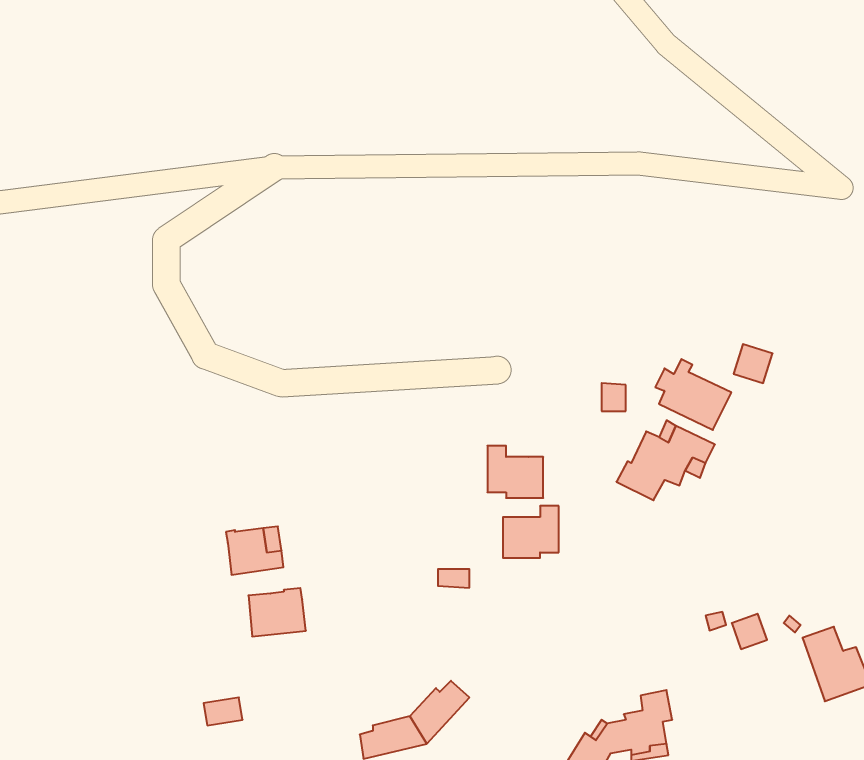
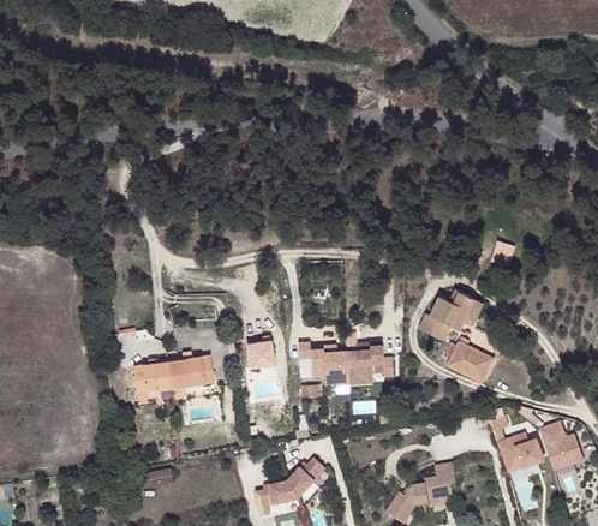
building: [655,359,731,430] -> [445,337,495,383]
building: [487,446,543,498] -> [310,345,346,378]
building: none -> [252,340,281,367]
building: [248,588,306,636] -> [133,361,171,393]
building: none -> [497,435,543,473]

